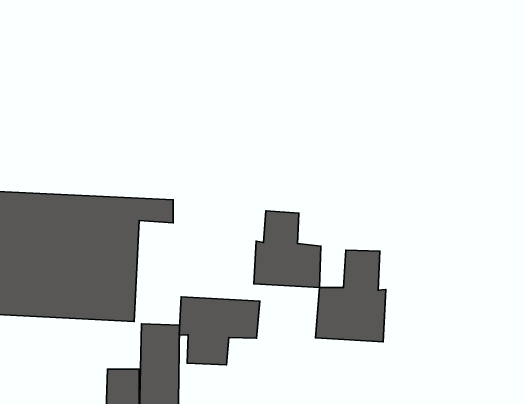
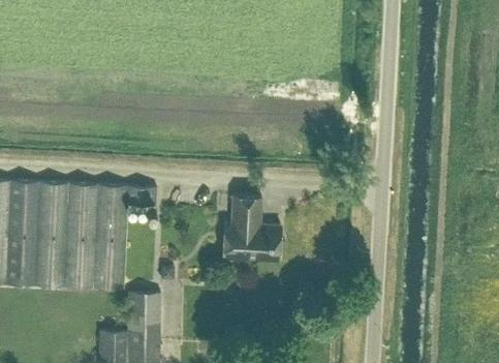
building: [316,250,386,342] -> none
building: [179,297,260,365] -> none

